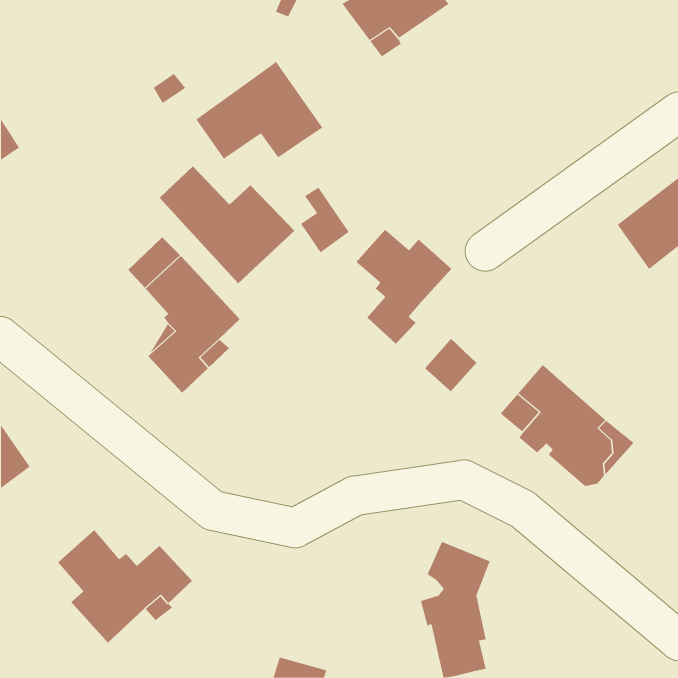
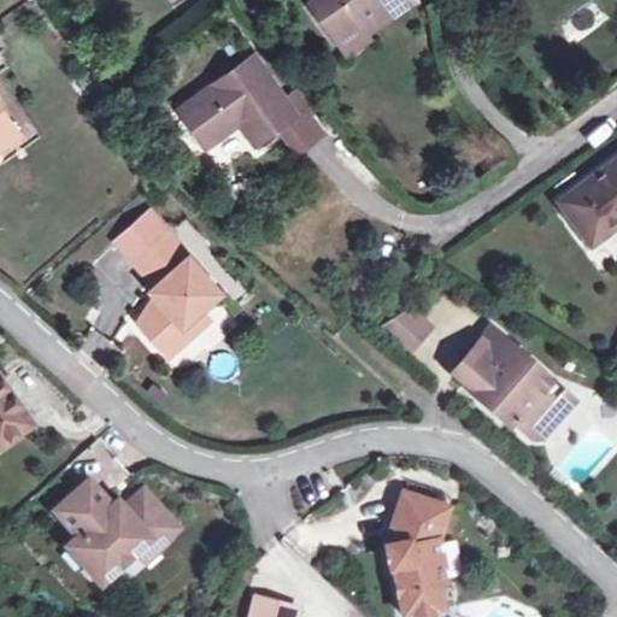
building: [159,166,295,284] -> none
building: [300,187,349,253] -> [280,92,324,152]
building: [356,229,452,345] -> none

